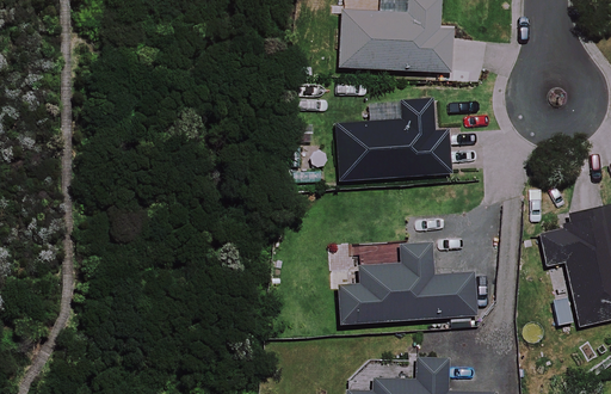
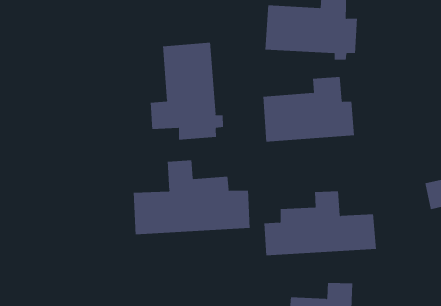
building: none -> [150,42,223,140]
building: none -> [133,160,250,235]

